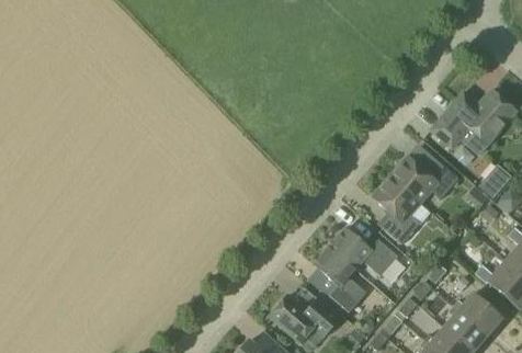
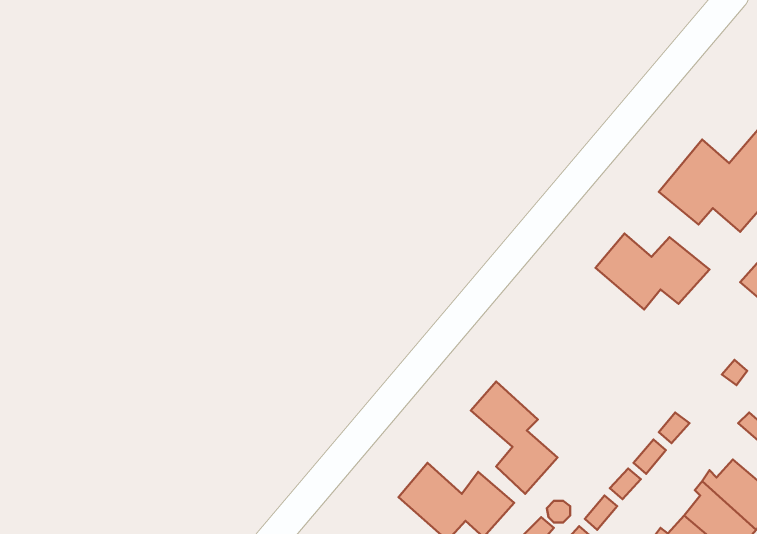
building: [373,176,420,246] -> none
building: [330,228,398,276] -> none

